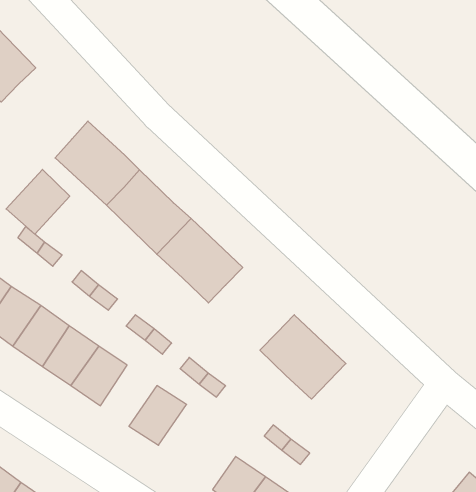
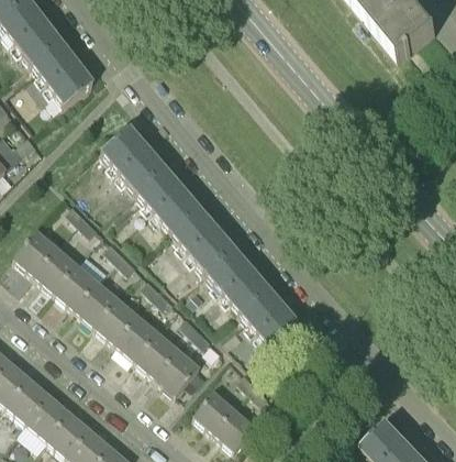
building: [6,169,70,234] -> none
building: none -> [204,251,268,315]
building: none -> [115,316,159,362]
building: none -> [156,350,200,396]

